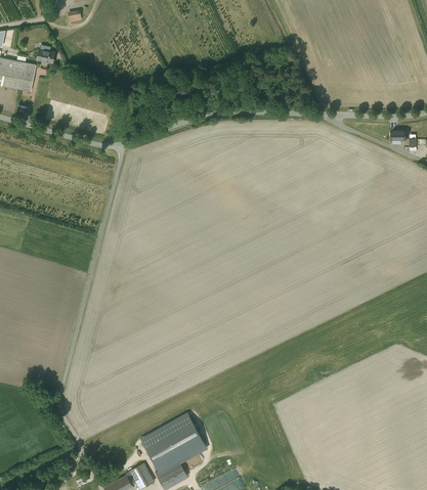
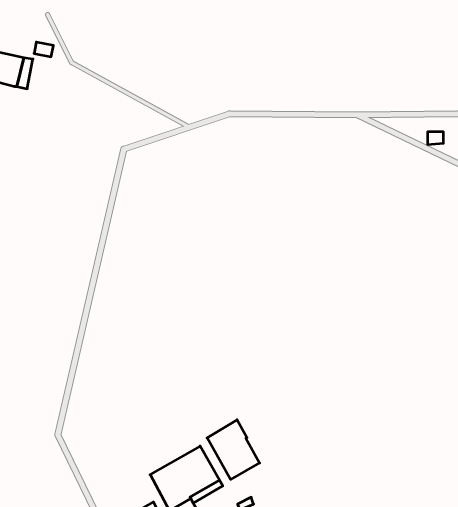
building: none -> [207,420,260,479]

